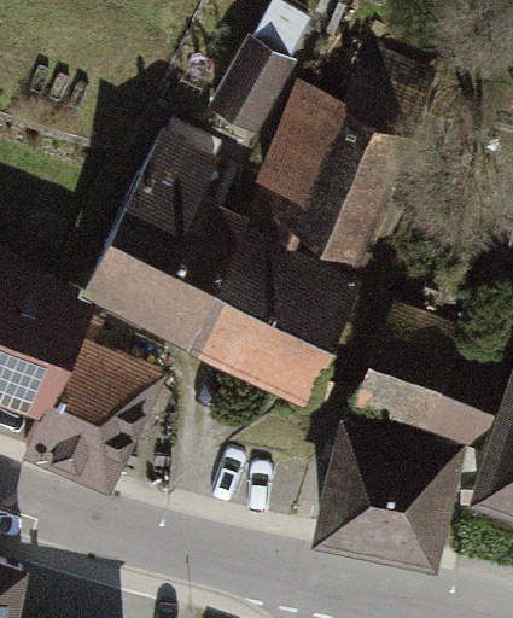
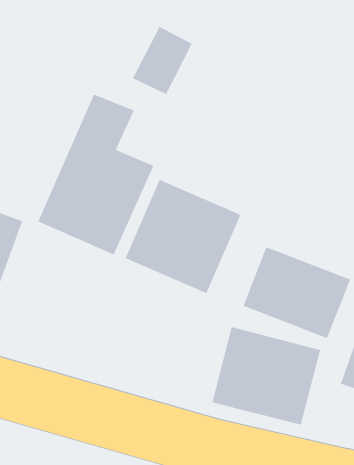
building: [262,54,420,247] -> none
building: [49,345,163,471] -> none

